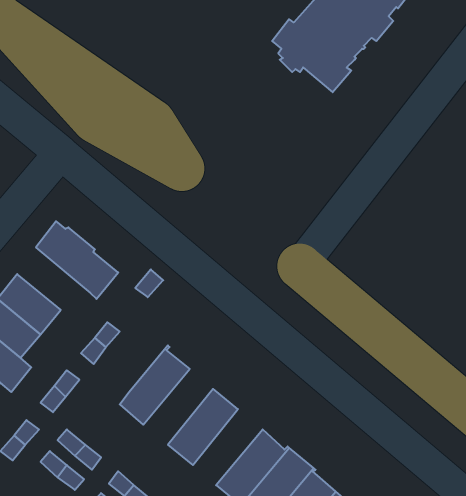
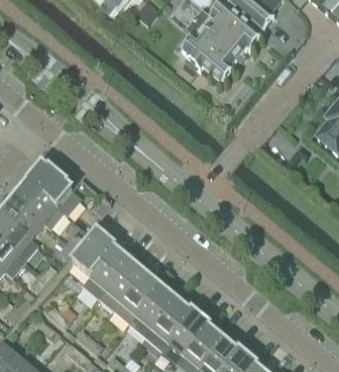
building: none -> [17,180,65,225]
building: none -> [74,230,115,274]
building: none -> [99,259,144,308]
building: none -> [131,285,177,335]

